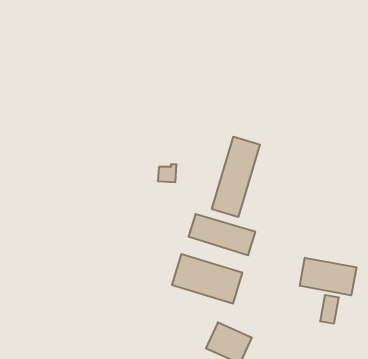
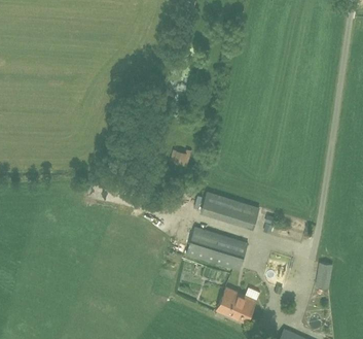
building: [212,137,260,217] -> none
building: [300,258,356,295] -> none

